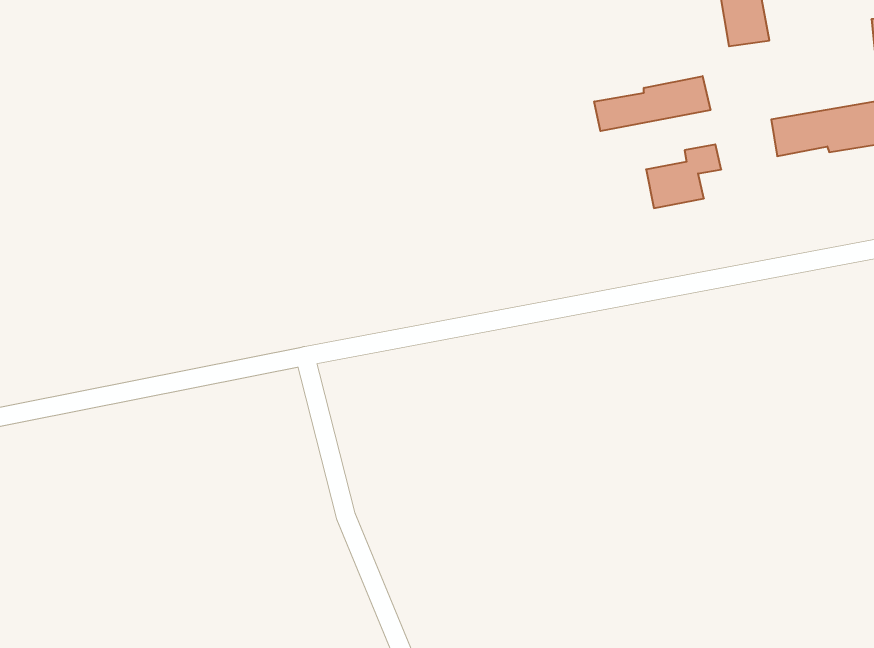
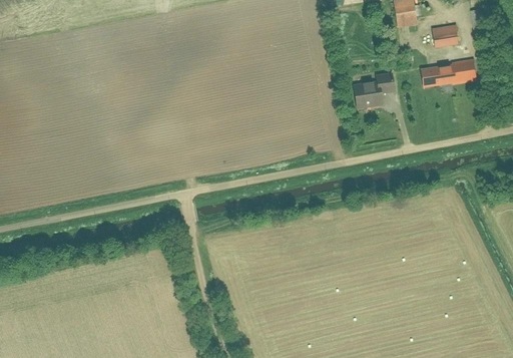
building: none -> [431,26,460,47]
building: [594,76,710,131] -> none

